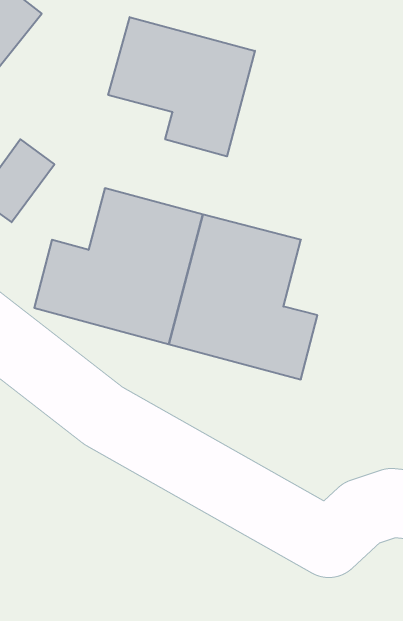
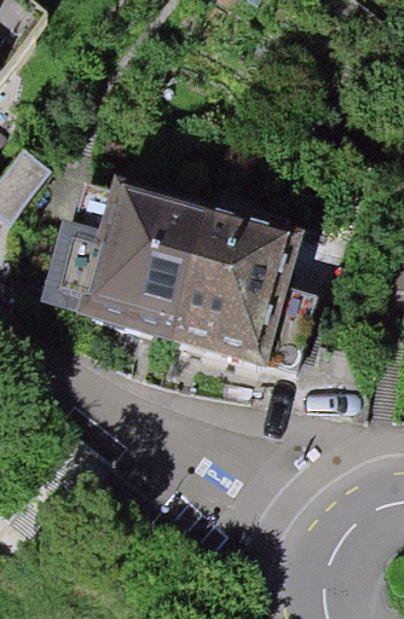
building: [108,17,255,156] -> none

